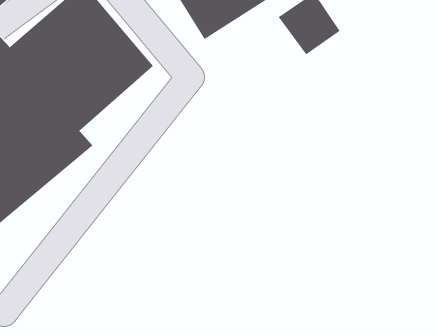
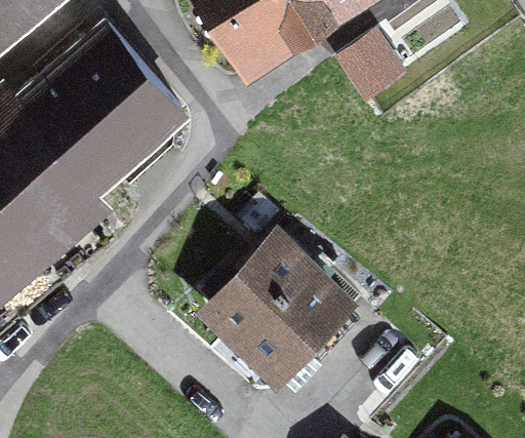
building: none -> [195,224,360,391]

